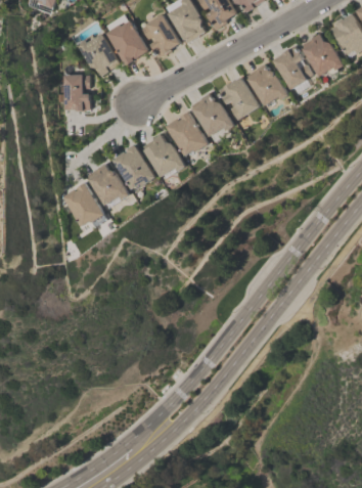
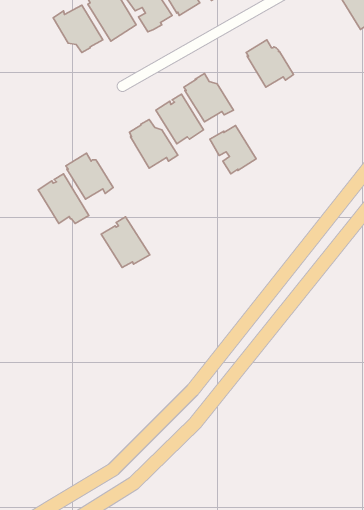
building: [302,34,345,77] -> none
building: [273,45,313,90] -> none
building: [63,75,90,112] -> none
building: [219,78,260,121] -> [210,125,256,174]
building: [114,144,156,189] -> [101,217,150,268]

